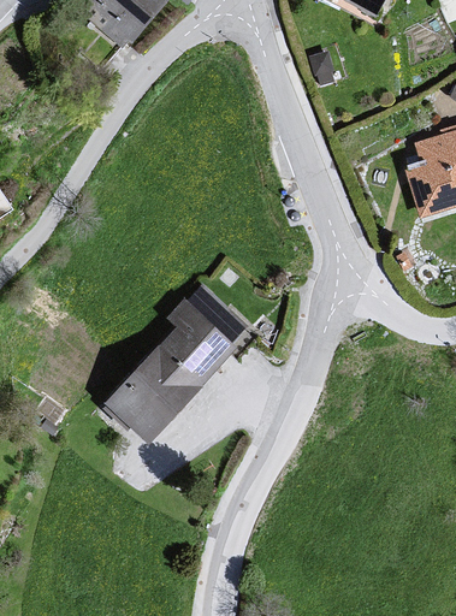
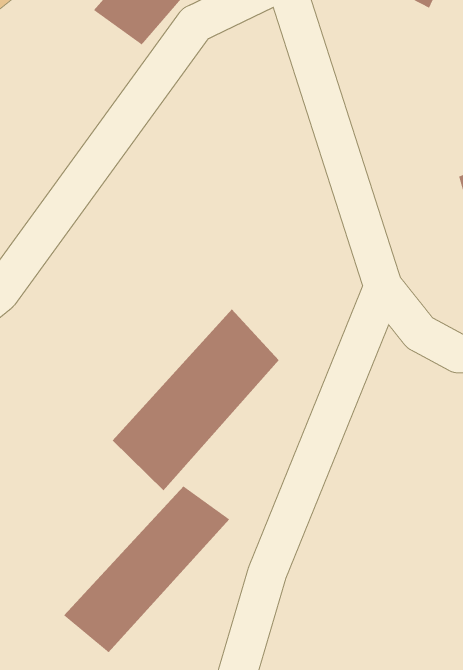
building: none -> [63,485,230,653]

